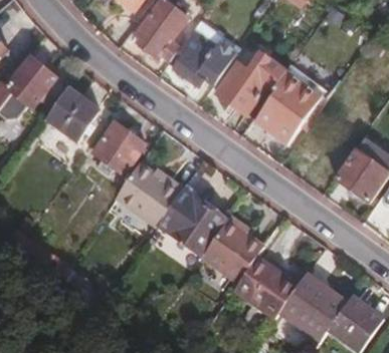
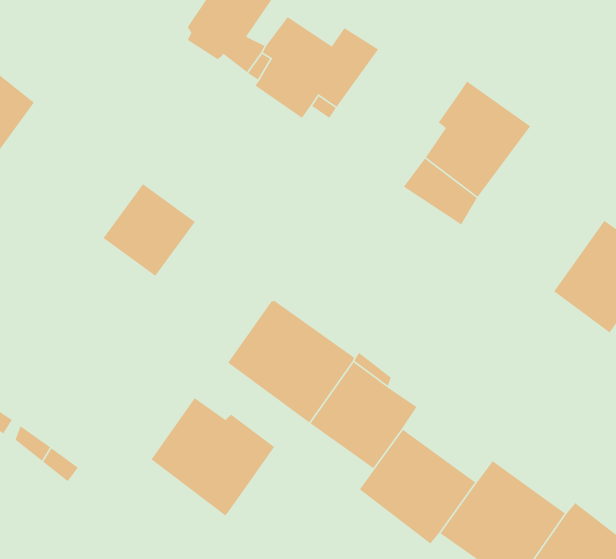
building: [218,53,286,115] -> none
building: [44,86,99,141] -> none
building: [115,158,183,224] -> [150,397,275,516]

